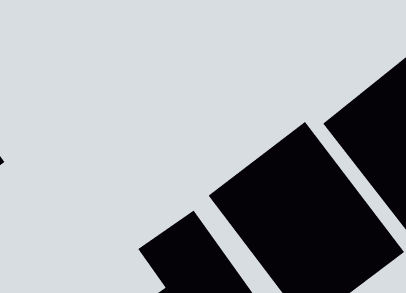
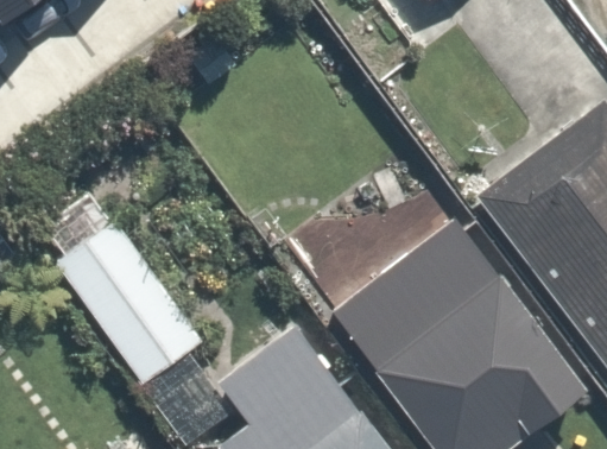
building: none -> [56,216,223,406]

